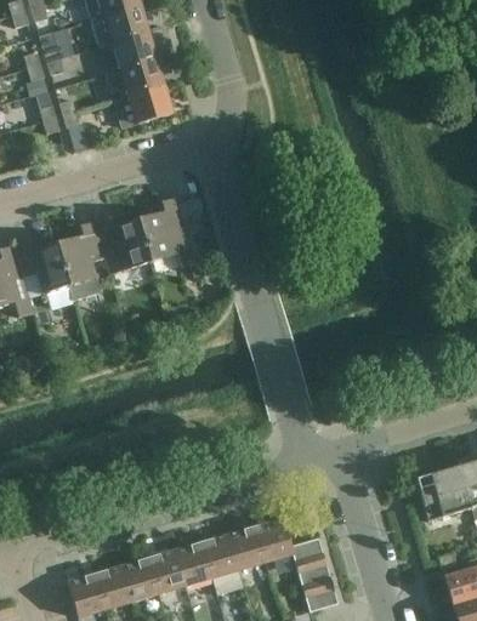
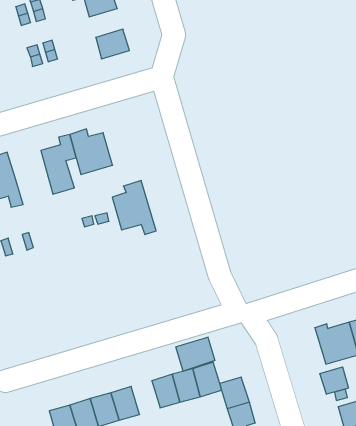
building: [106,58,164,98] -> none
building: [138,198,195,268] -> [112,181,156,235]
building: [13,241,73,307] -> none
building: none -> [176,337,215,371]
building: none -> [320,367,348,394]
building: [175,542,212,586] -> none

